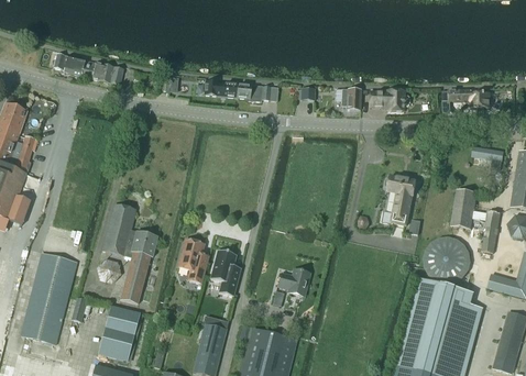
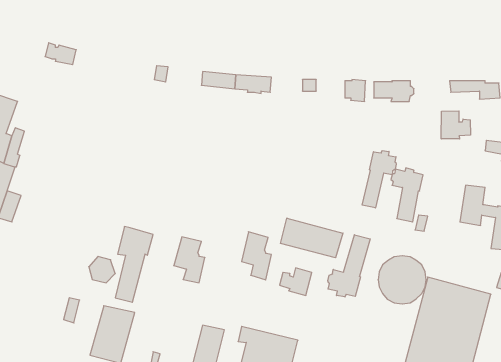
building: [81,59,124,84] -> none
building: none -> [441,111,470,139]
building: none -> [362,151,396,208]
building: [103,202,136,255] -> none
building: none -> [280,218,343,258]
building: [425,235,471,281] -> [378,256,426,304]
building: none -> [328,235,370,297]
building: [211,248,240,295] -> [242,232,271,280]
building: [21,252,77,343] -> none

